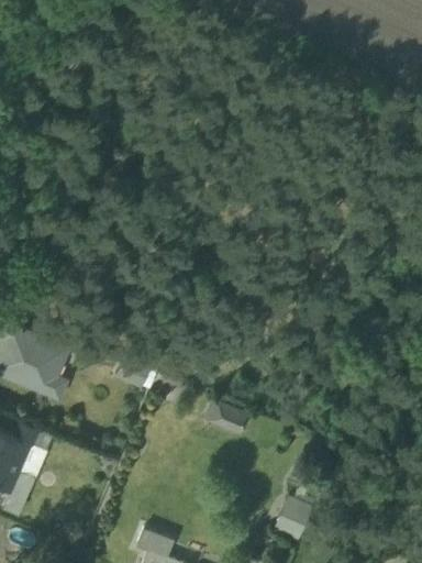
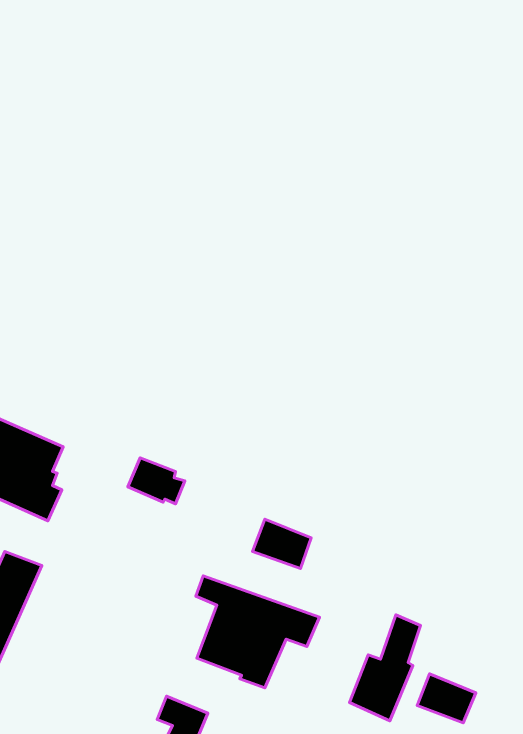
building: none -> [196,576,320,688]
building: none -> [417,674,476,723]

